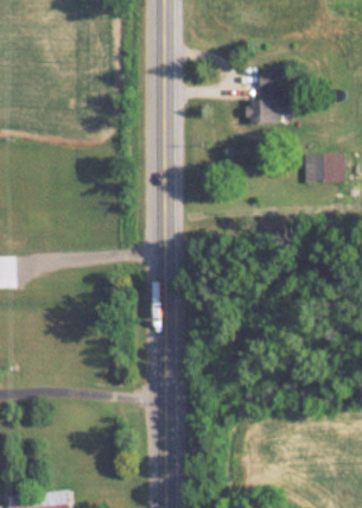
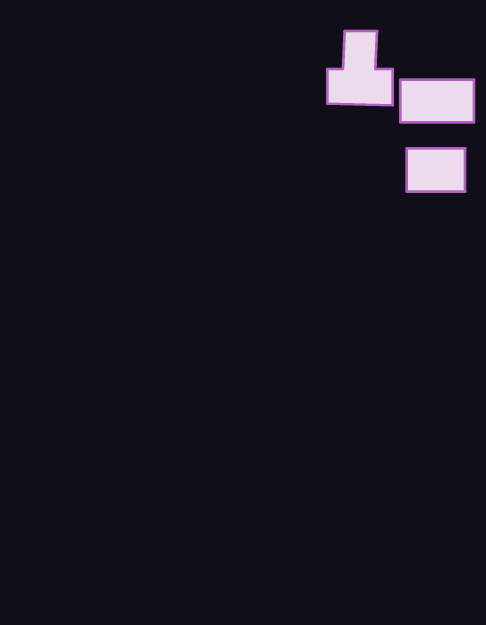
building: none -> [400,80,474,122]

